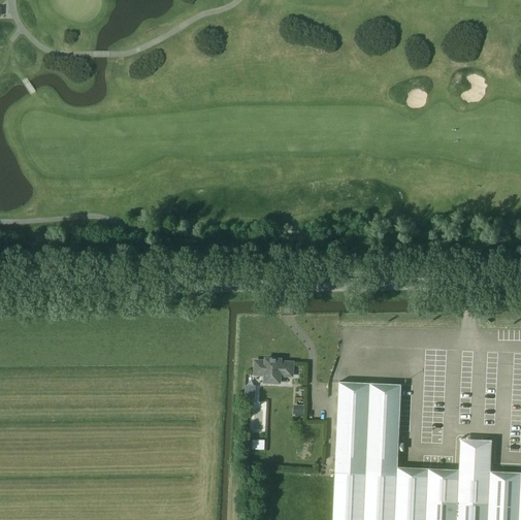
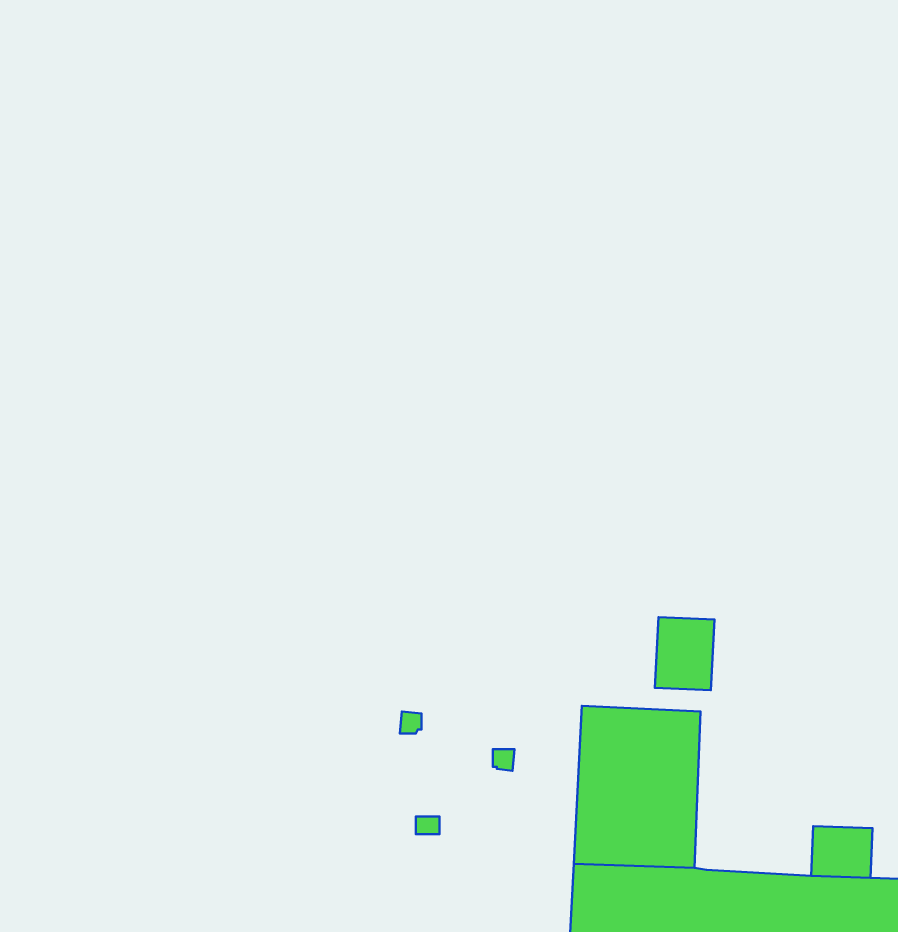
building: none -> [655,617,715,690]
building: [255,360,293,384] -> none

